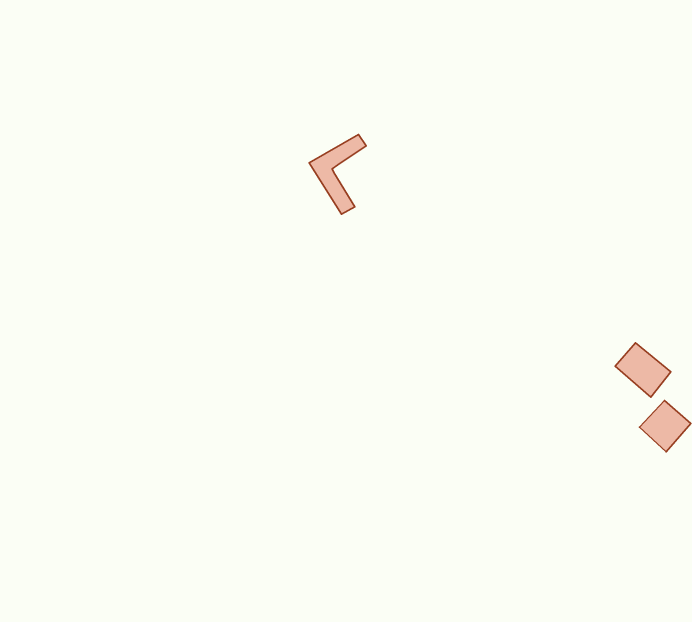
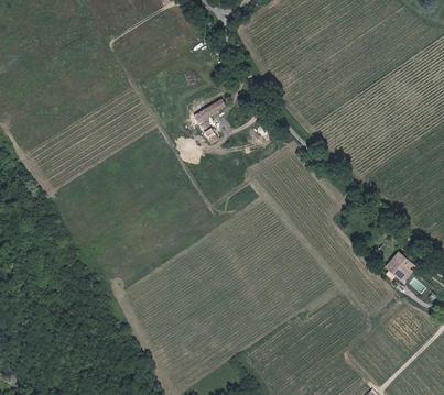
building: [615,343,671,397] -> none

